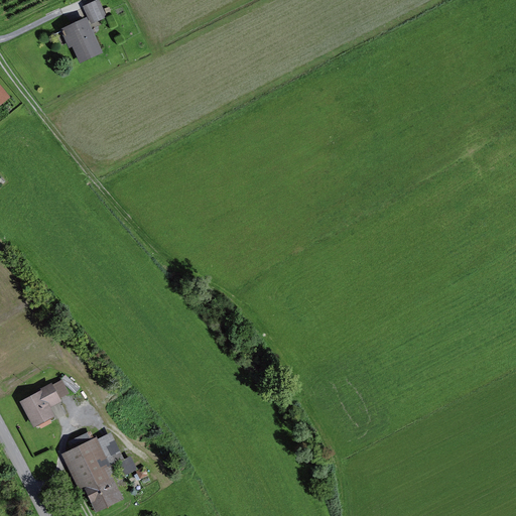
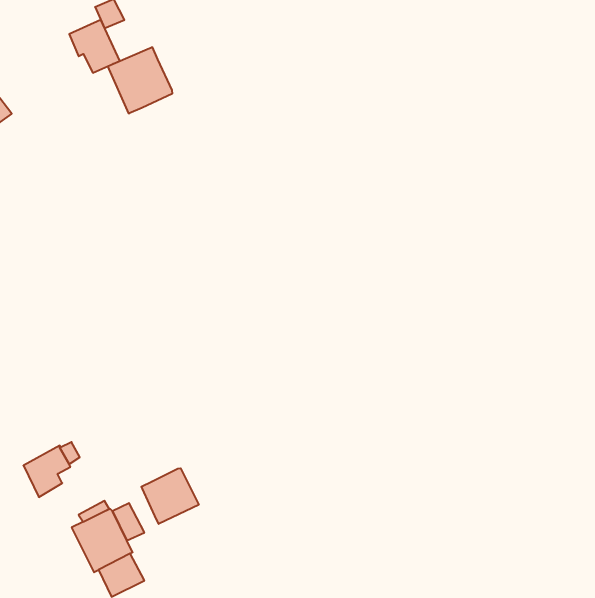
building: none -> [108,47,172,114]
building: none -> [141,468,199,524]

